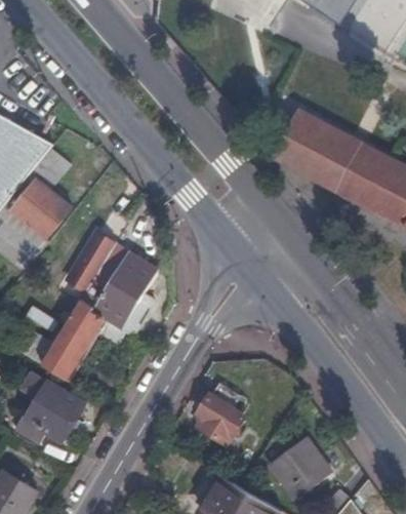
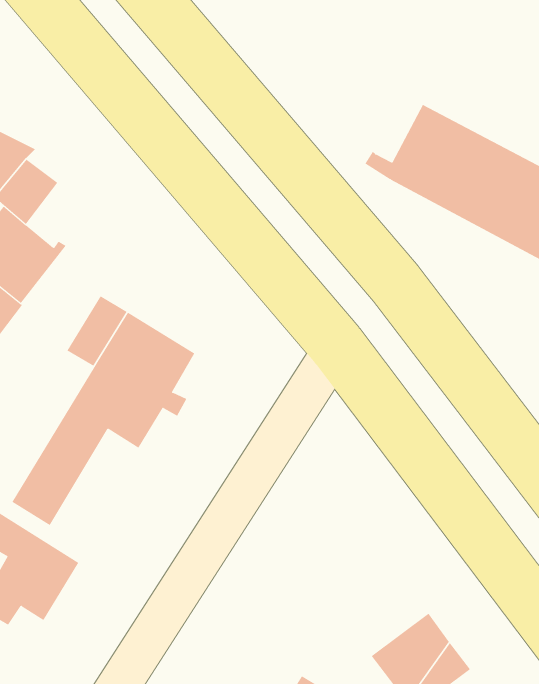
building: [197,382,243,445] -> none

